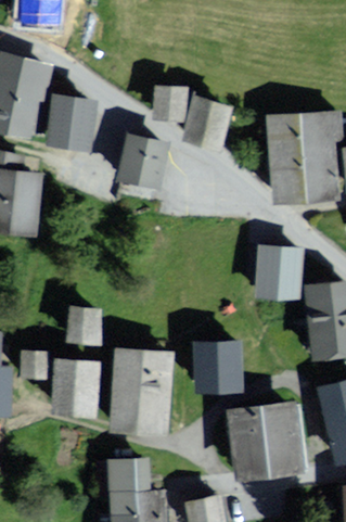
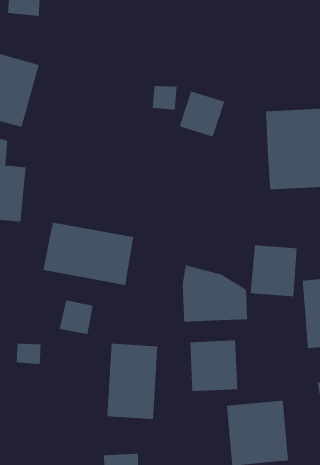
building: [48,97,87,140] -> none
building: [121,133,164,181] -> none
building: none -> [43,222,134,286]
building: none -> [182,265,247,323]
building: [53,359,91,410] -> none

